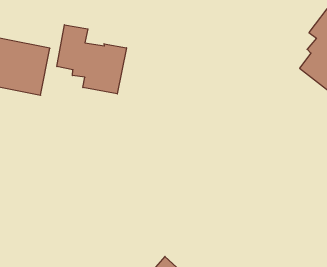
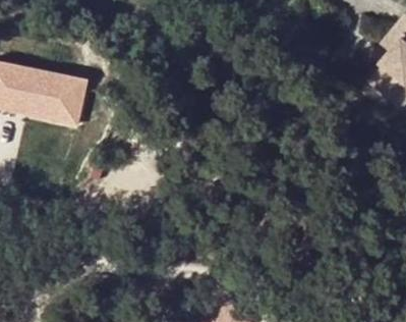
building: [57,25,126,94] -> none

